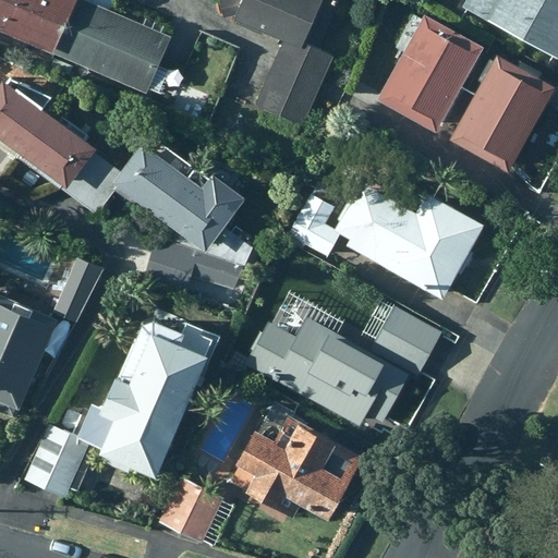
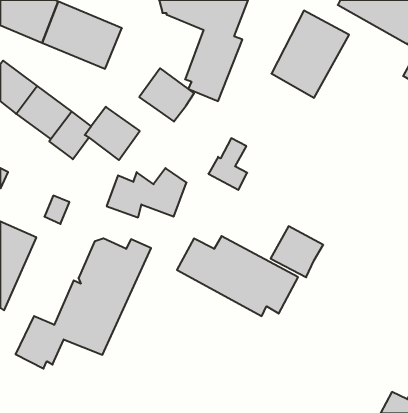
building: [445,54,550,174] -> none
building: [167,177,241,248] -> [139,68,194,122]
building: [335,184,484,298] -> none
building: [228,415,360,522] -> none
building: [160,473,225,542] -> none

